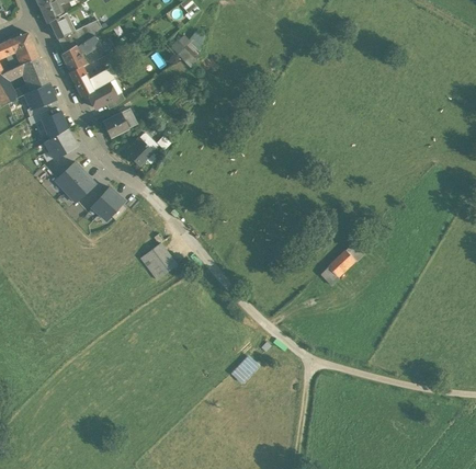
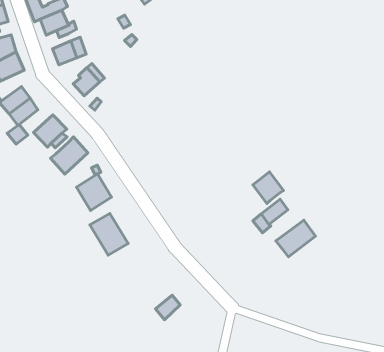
building: none -> [50,137,88,174]
building: none -> [253,172,284,204]
building: none -> [276,220,315,257]
building: none -> [90,213,128,255]

